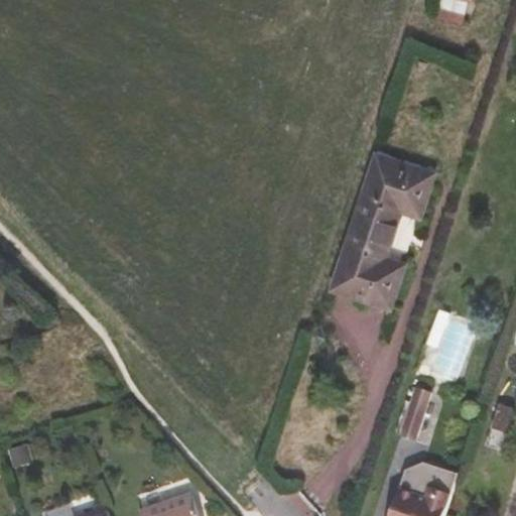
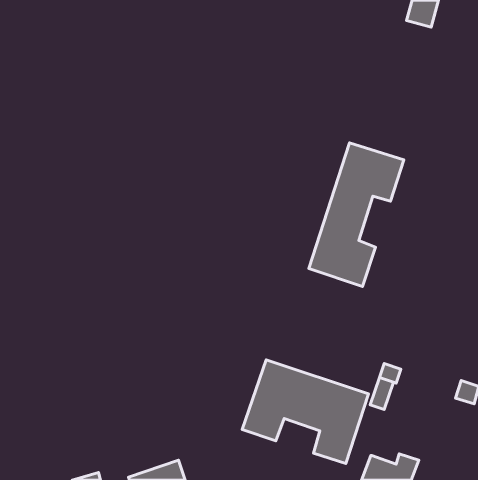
building: none -> [242,360,368,463]
building: [398,460,457,498] -> none

